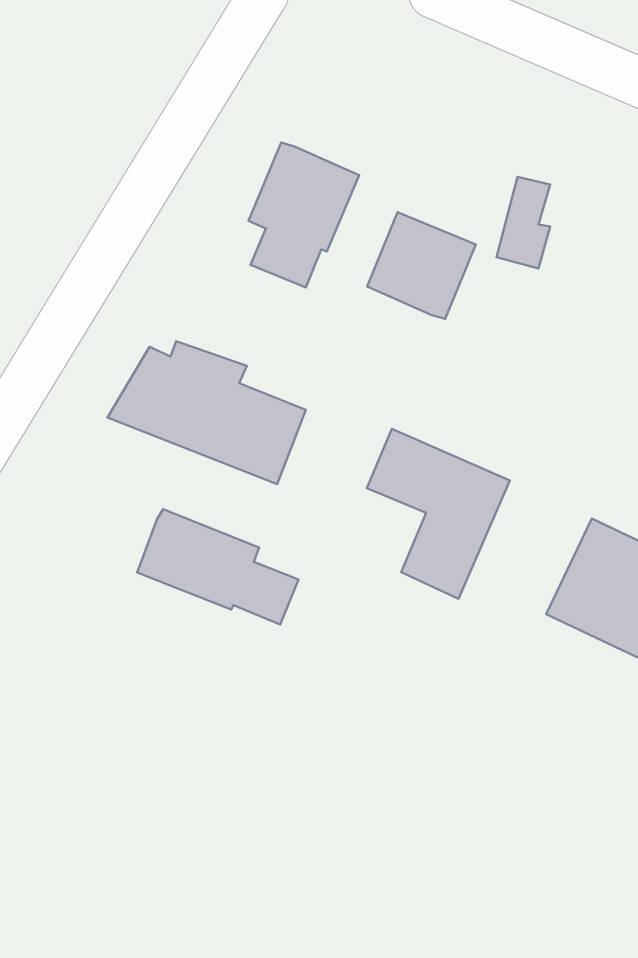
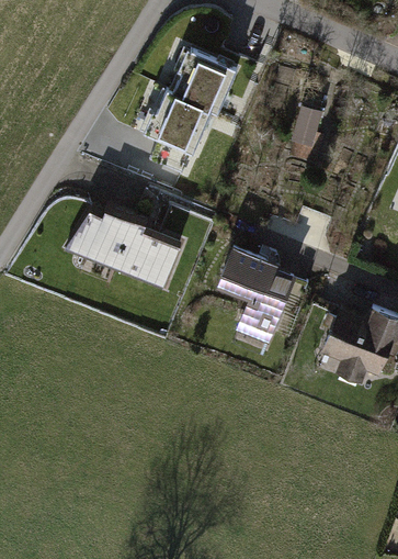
building: [367,212,476,319] -> [173,43,236,104]
building: [137,509,298,624] -> none

